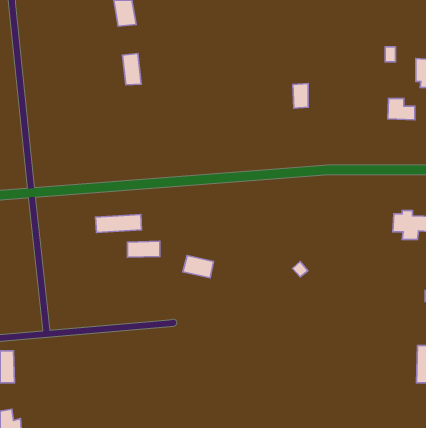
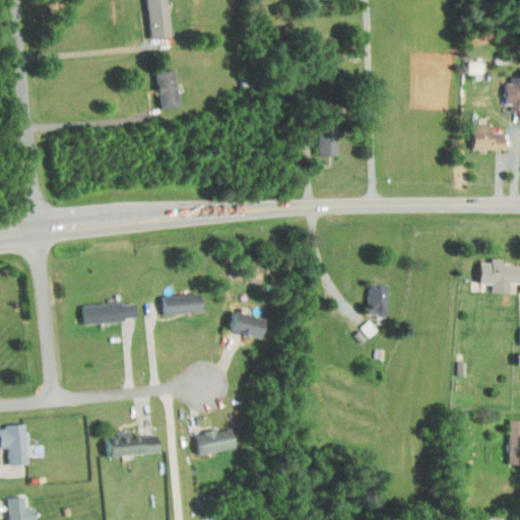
building: [293,83,308,108] -> [319,128,337,157]
building: [96,215,142,232] -> [82,303,137,324]
building: none -> [367,283,390,317]
building: none -> [195,428,236,456]
building: none -> [106,431,159,458]

